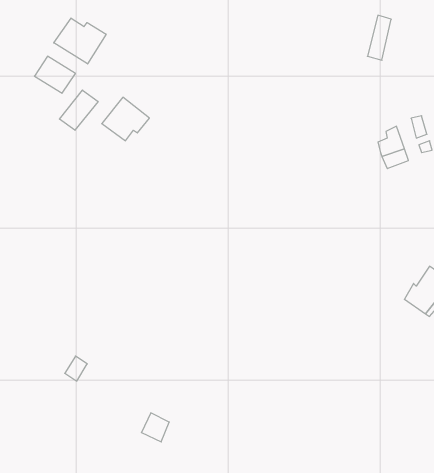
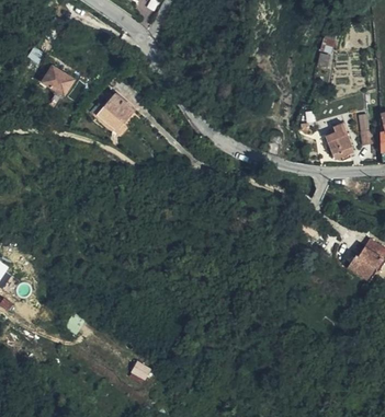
building: [54,18,106,64] -> none
building: [59,90,98,130] -> none

